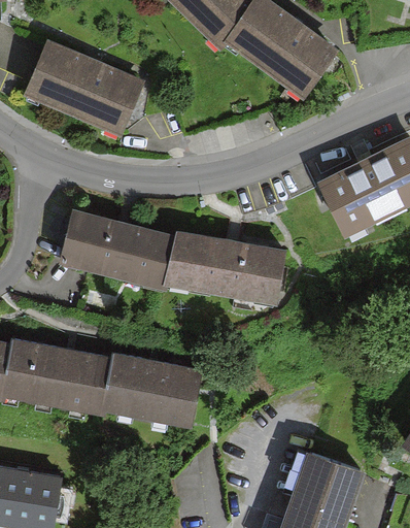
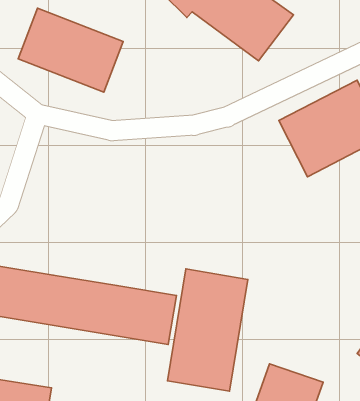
building: [60,209,287,304] -> none
building: none -> [167,269,248,391]

